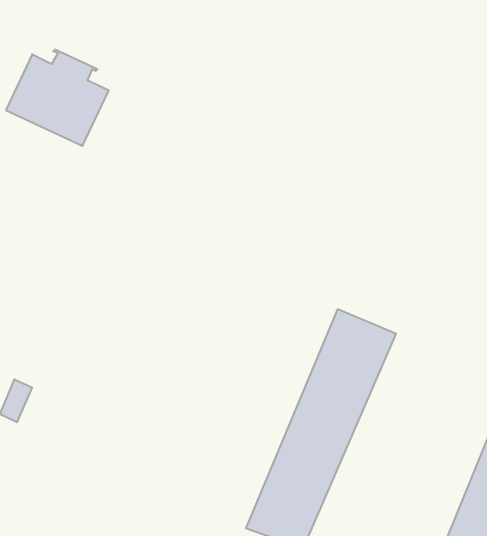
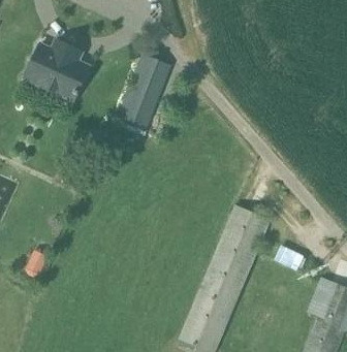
building: none -> [119,52,172,126]

